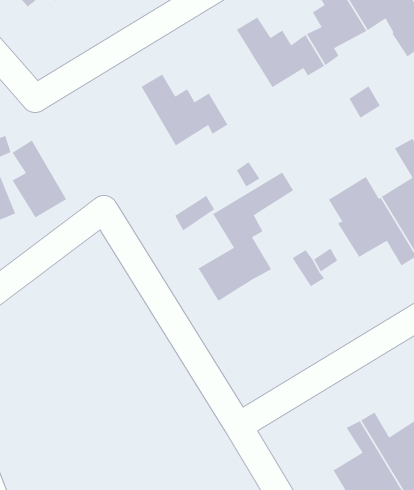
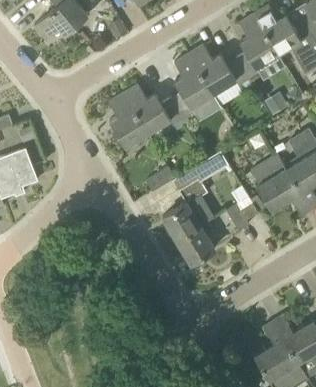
building: none -> [170,54,213,119]
building: [12,139,67,218] -> [109,93,147,147]
building: none -> [176,225,215,263]

